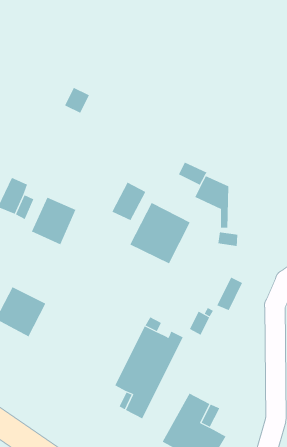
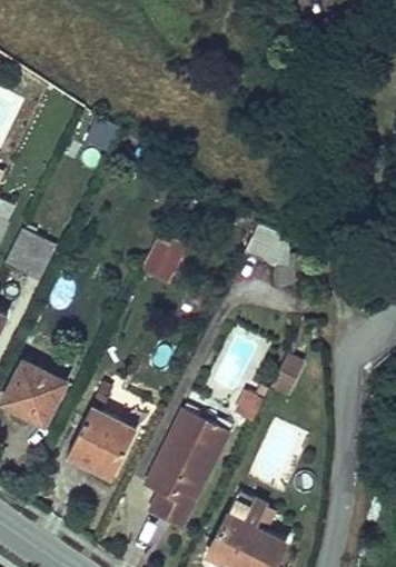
building: [31,197,76,245] -> none
building: [129,202,190,264] -> none
building: none -> [67,392,137,472]

